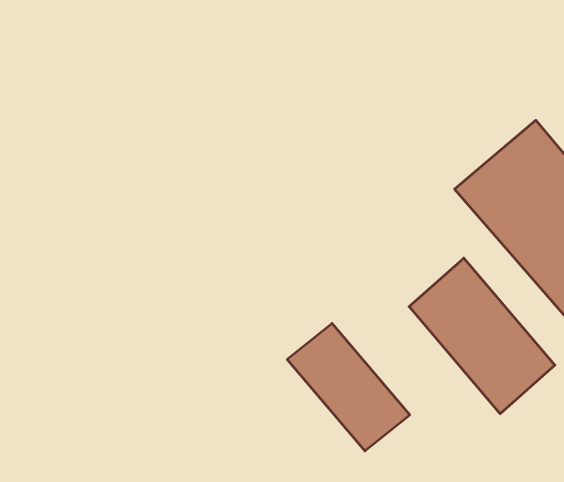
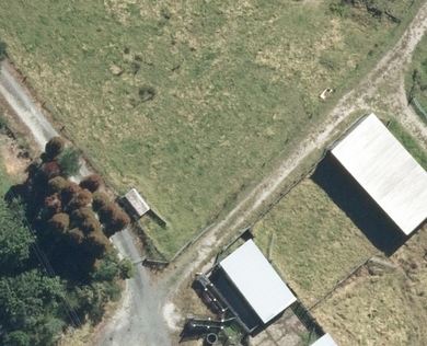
building: [409,258,555,414] -> none

